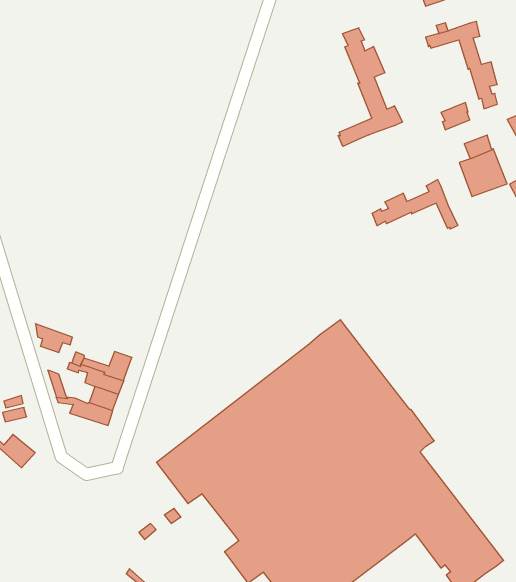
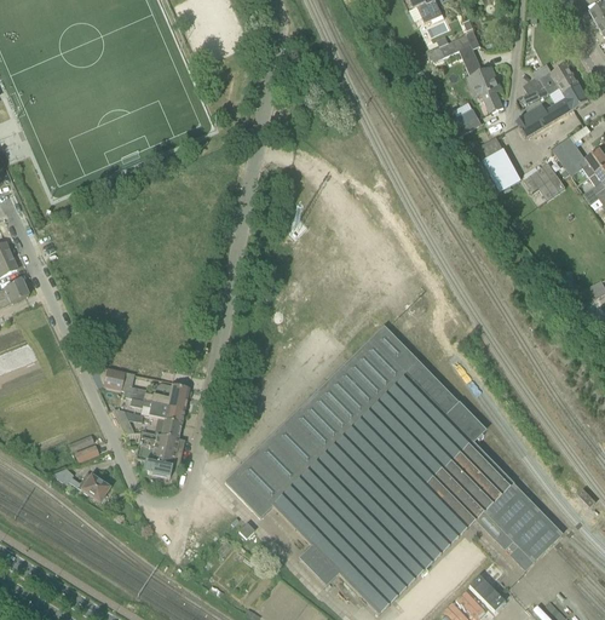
building: [338,28,403,146] -> none
building: [372,180,458,229] -> none
building: none -> [136,444,175,477]

